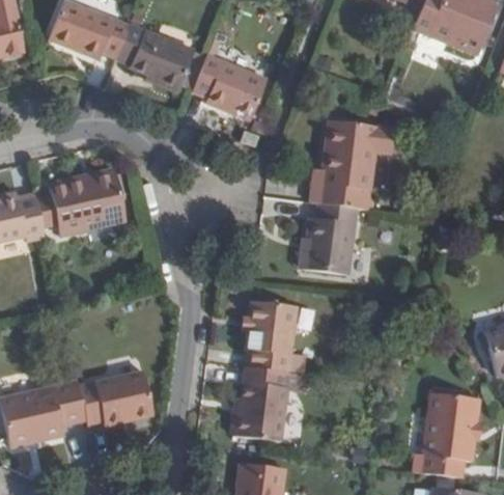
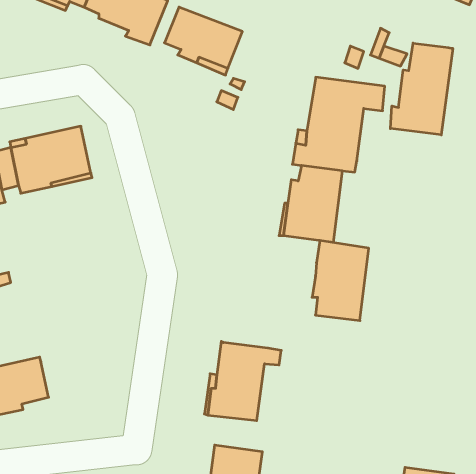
building: none -> [390,43,453,135]
building: [245,299,298,374] -> [312,240,369,321]
building: [78,373,150,427] -> none
building: [419,391,478,478] -> none

